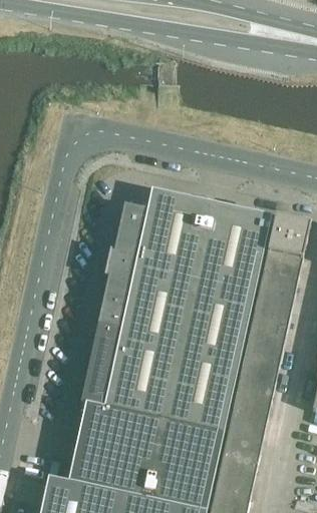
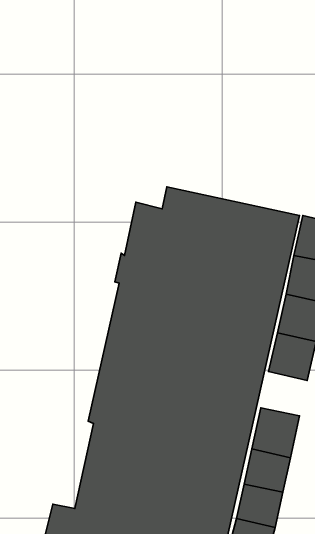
building: [237,357,279,397] -> none

